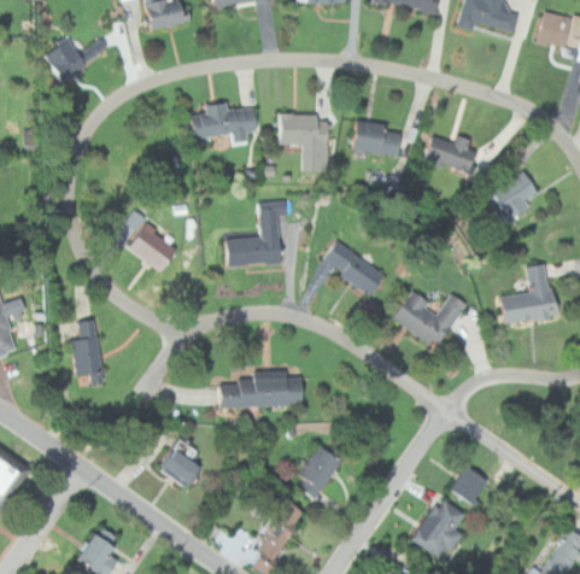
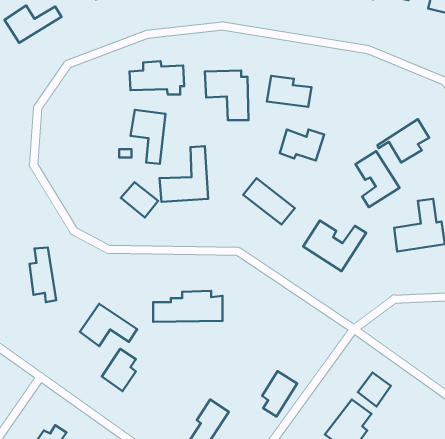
building: [422,135,474,171] -> [280,129,324,160]
building: none -> [131,110,165,164]
building: none -> [355,151,399,207]
building: [129,227,172,268] -> [121,182,158,217]
building: none -> [80,304,137,346]
building: [298,446,339,499] -> [262,371,297,417]

